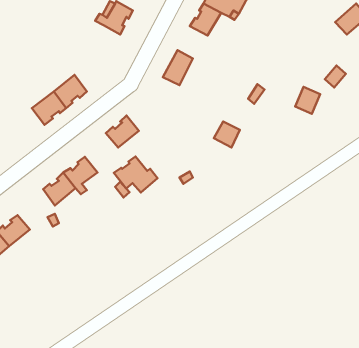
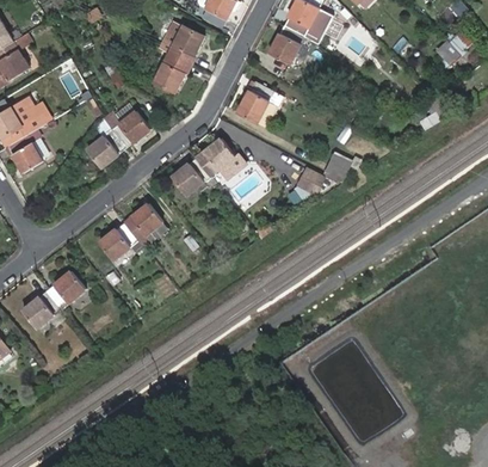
building: none -> [153,54,187,92]
building: [295,87,320,114] -> [322,150,351,182]
building: [114,156,157,193] -> [194,139,245,180]

